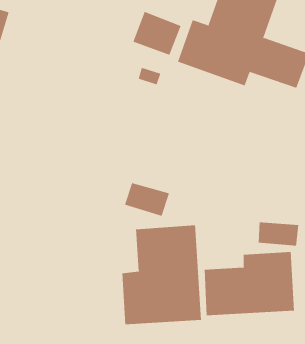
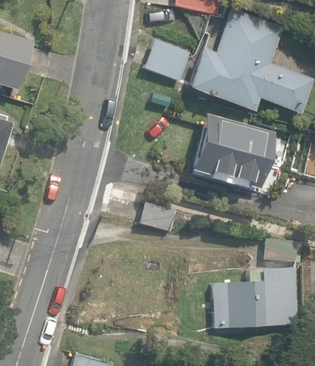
building: none -> [191,113,275,188]
building: [122,224,201,325] -> none

